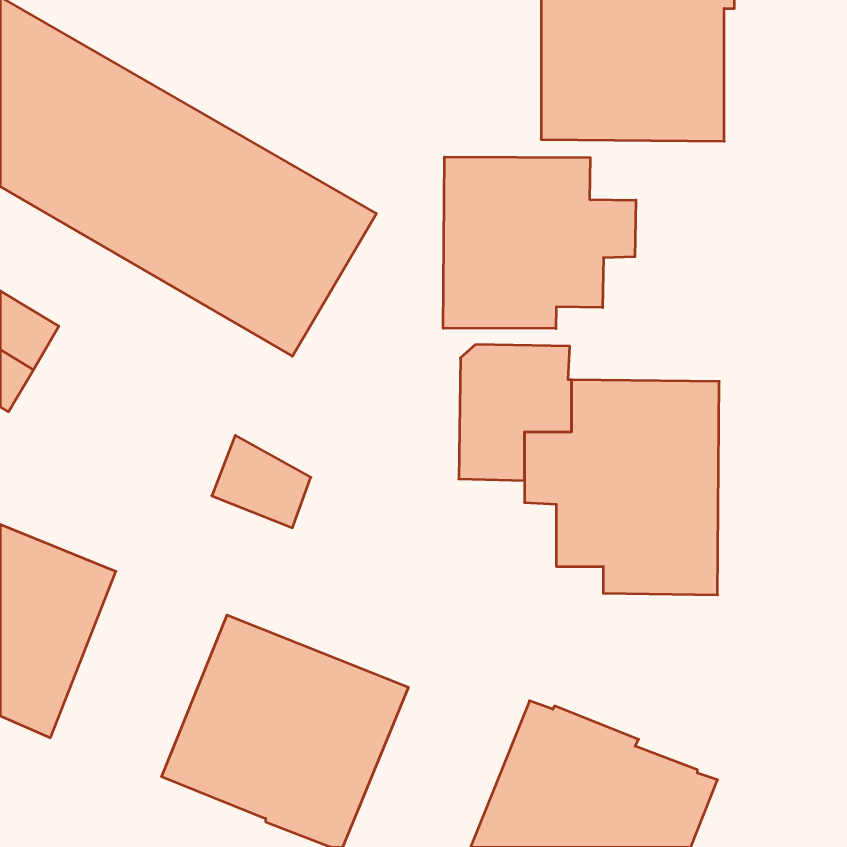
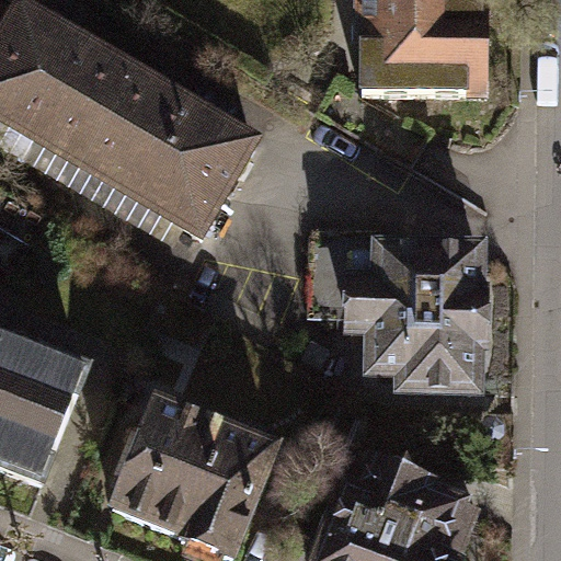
building: [443,157,636,329] -> none

